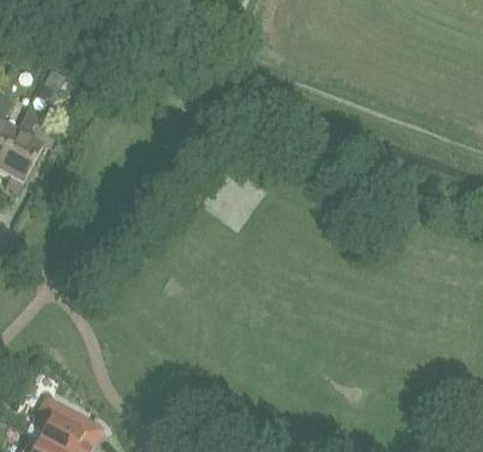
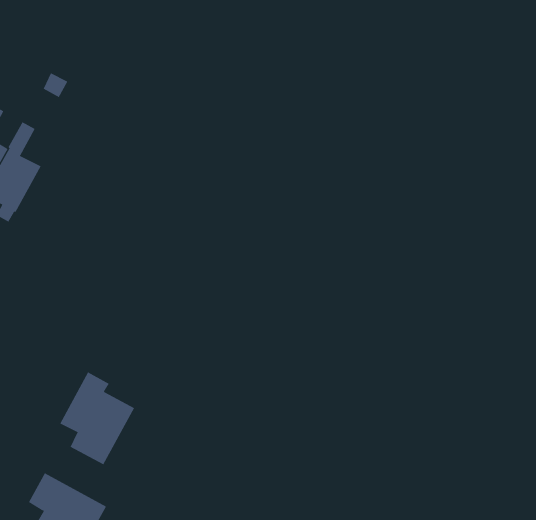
building: none -> [59,372,135,465]

